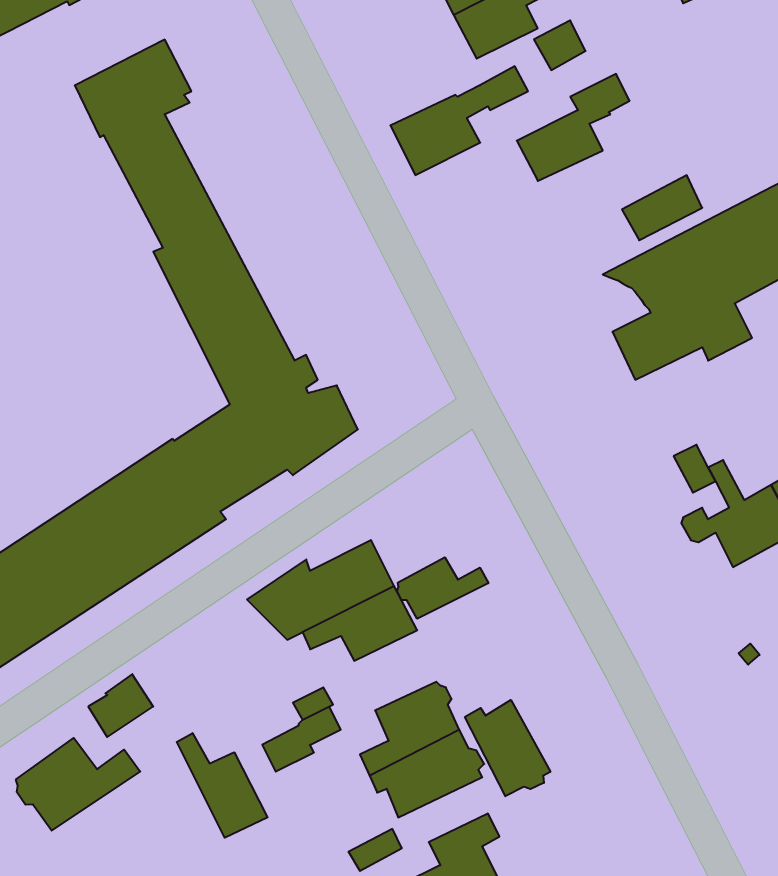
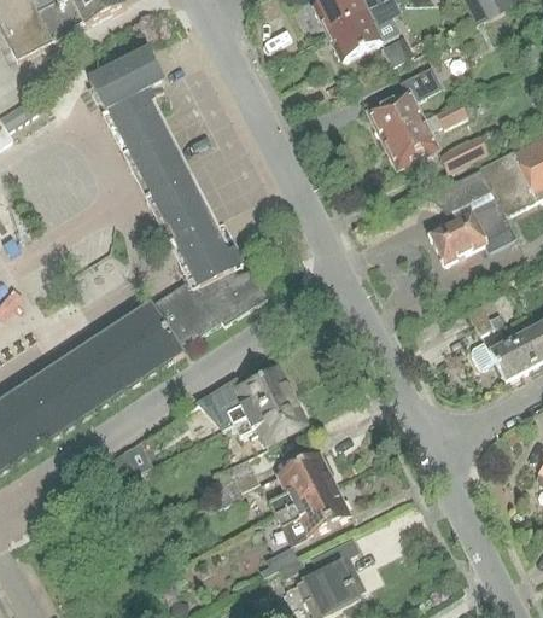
building: [390,66,528,175] -> [381,99,468,168]
building: [397,557,488,619] -> none
building: [465,700,550,796] -> none
building: [177,733,268,838] -> none
building: [16,738,140,831] -> none

